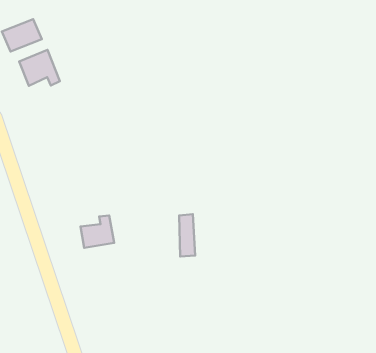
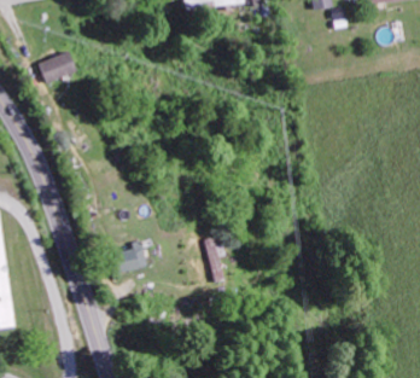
building: [19,50,60,86] -> none

